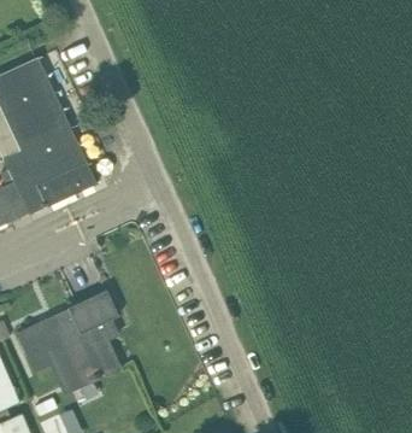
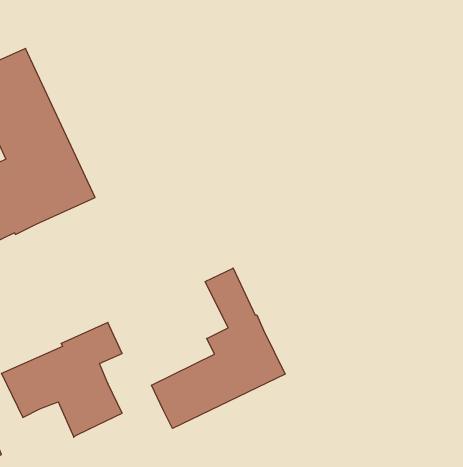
building: none -> [152,268,285,428]

